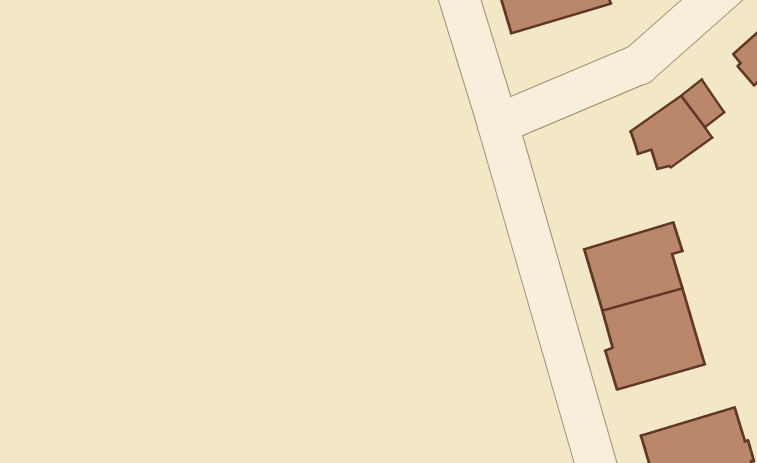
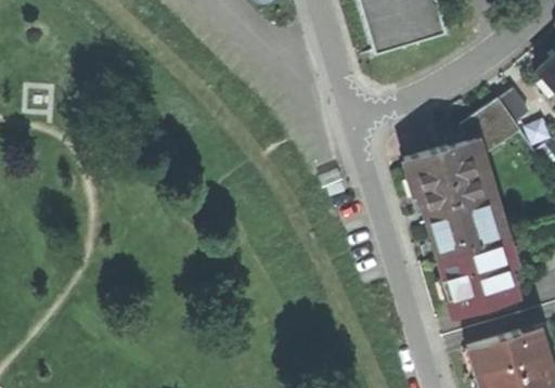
building: none -> [405,132,493,209]

